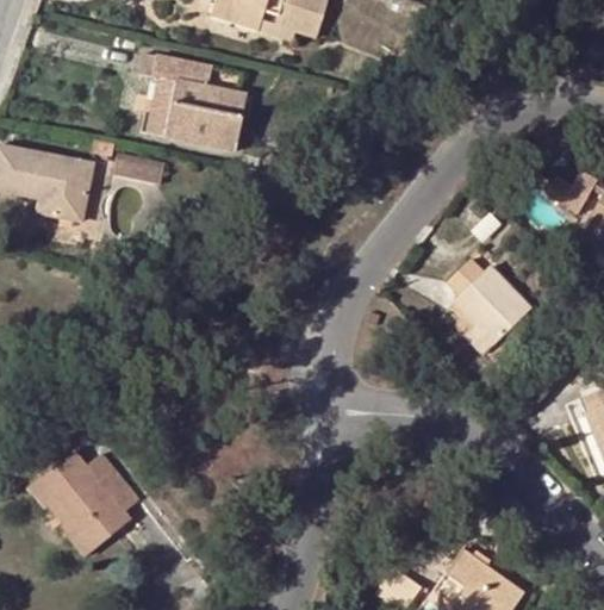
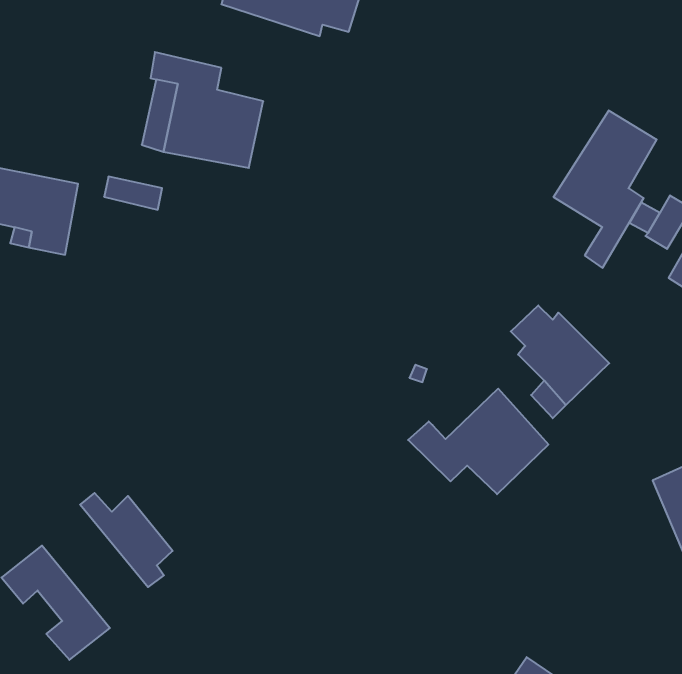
building: none -> [554,110,657,268]
building: none -> [408,389,548,494]
building: [63,450,139,528] -> [80,493,173,587]

